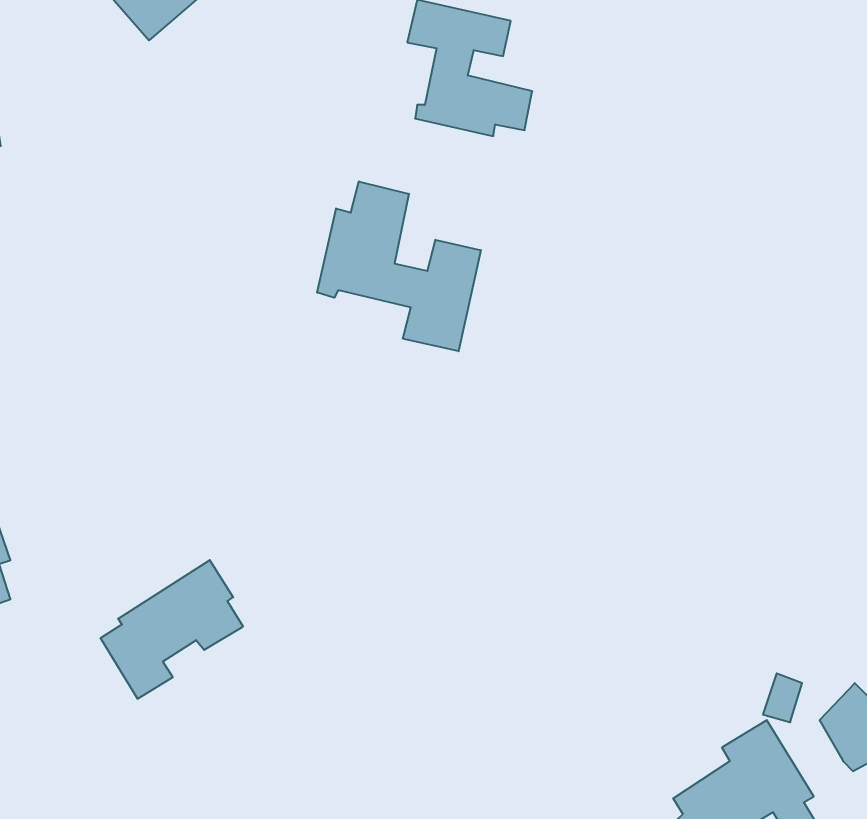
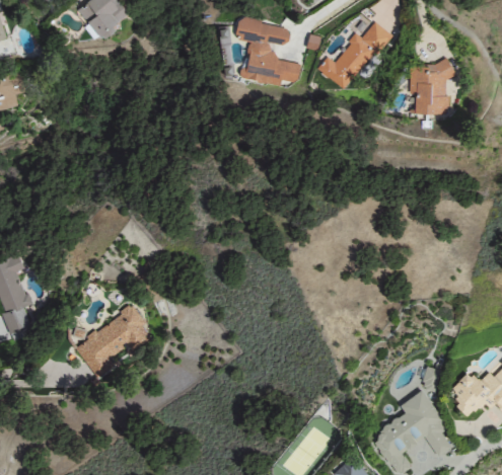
building: none -> [316,22,390,92]
building: none -> [410,65,451,115]
building: [317,181,481,351] -> none

